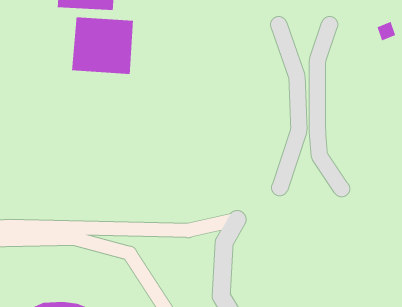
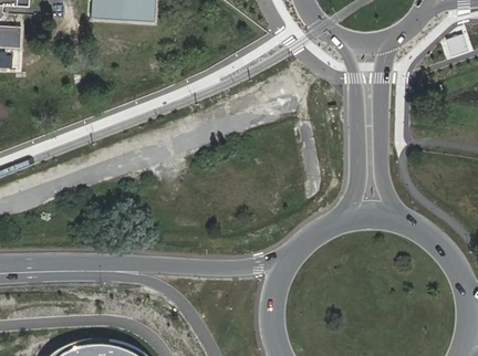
building: [71,16,134,75] -> none

